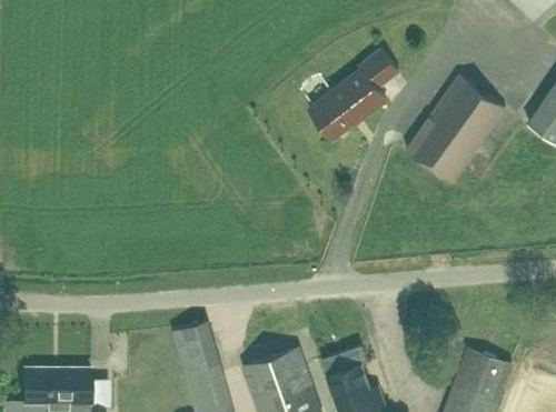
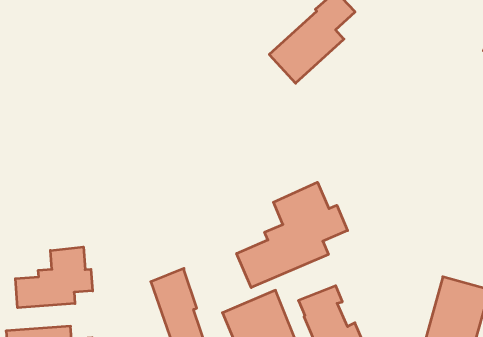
building: [405,76,505,183] -> none
building: none -> [237,182,348,288]
building: none -> [15,247,93,308]

